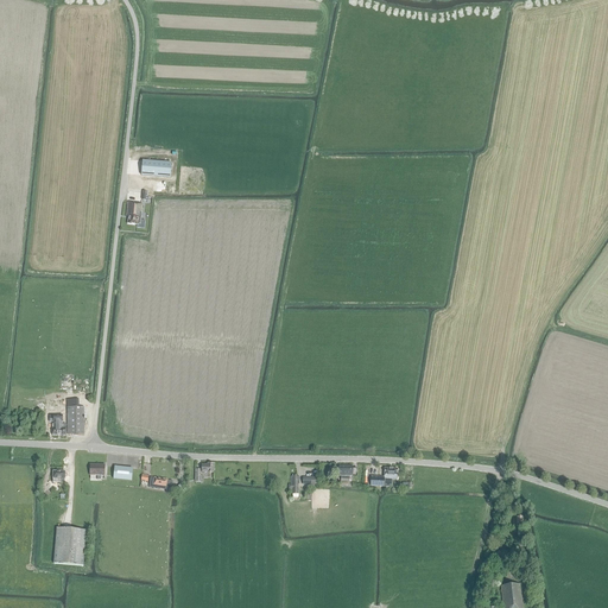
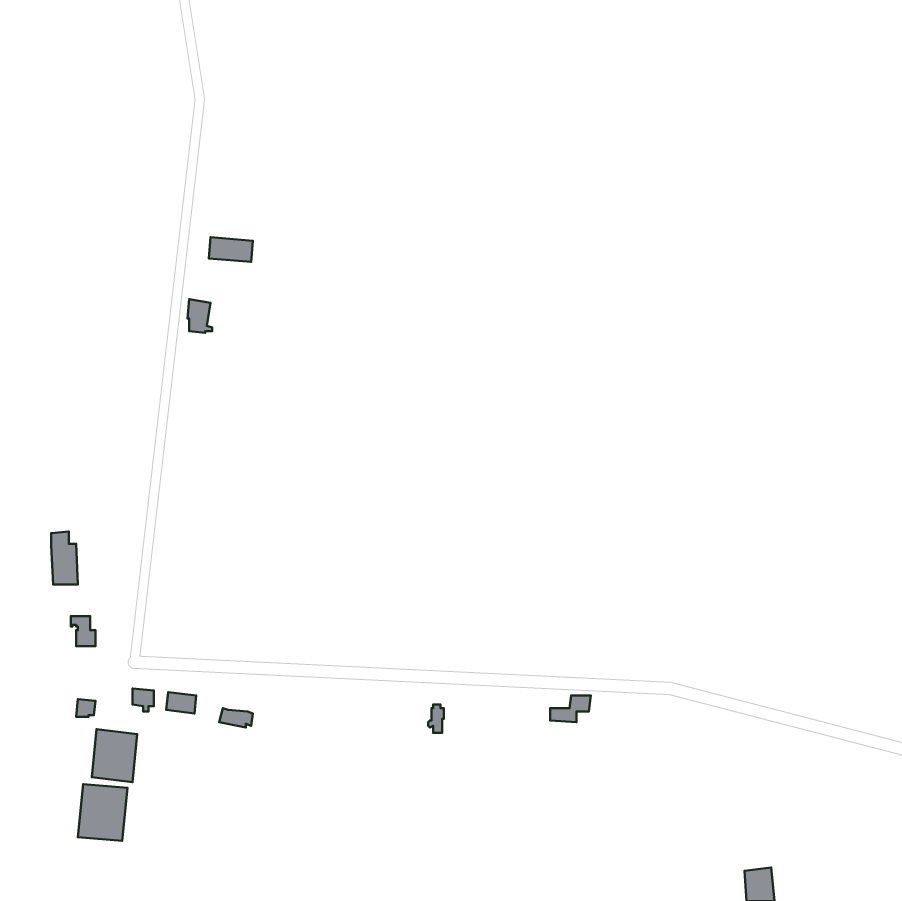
building: [65,397,83,432] -> [51,531,78,585]
building: none -> [92,729,137,782]

